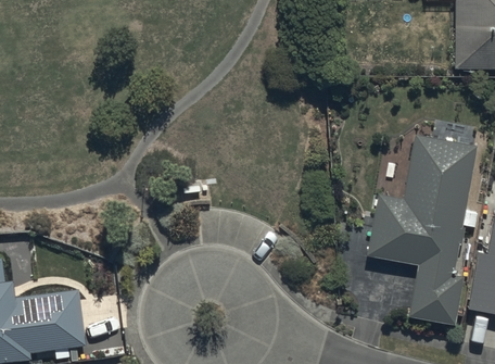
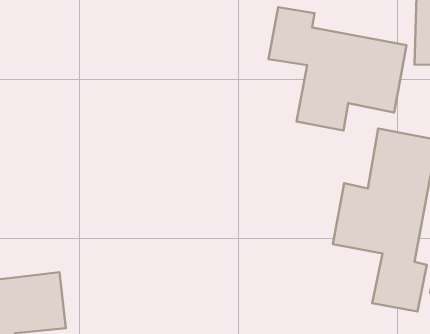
building: none -> [268,7,406,130]

